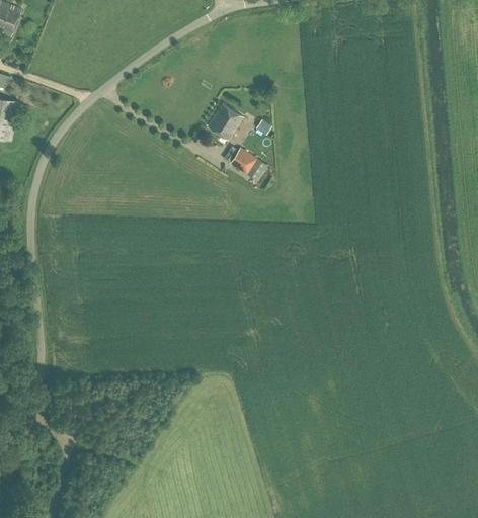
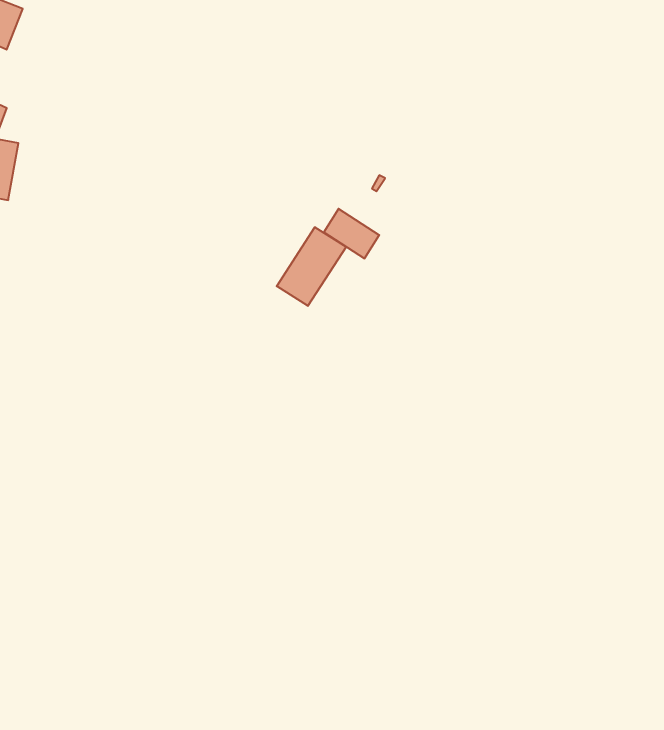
building: [207,103,243,140] -> none
building: none -> [277,227,346,306]

